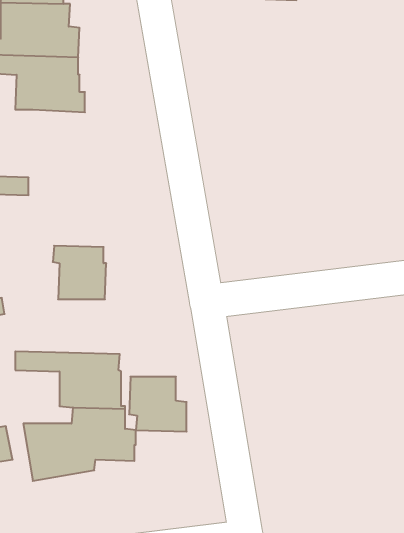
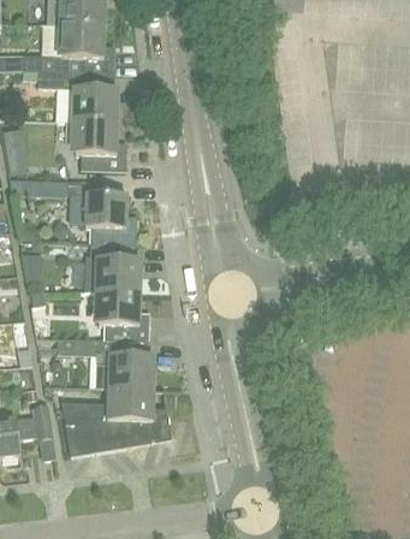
building: none -> [71,120,126,172]
building: none -> [84,194,136,244]
building: [129,377,187,432] -> [97,291,149,340]

